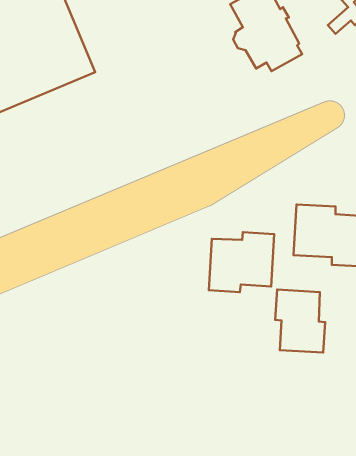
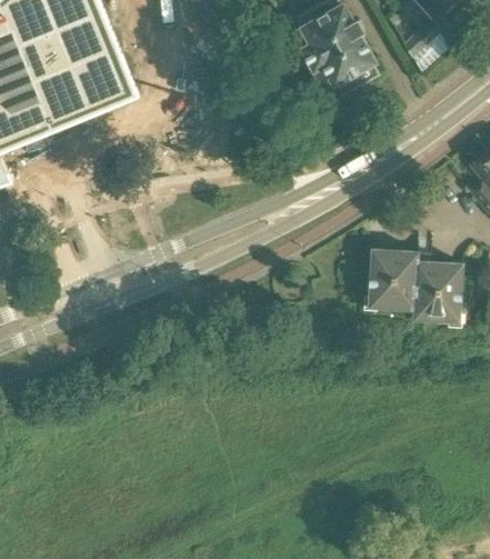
building: [209,232,274,292] -> none
building: [275,290,325,353] -> none

